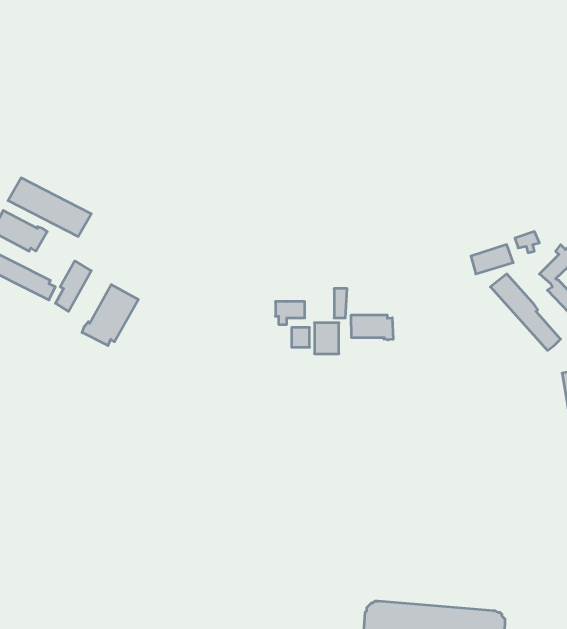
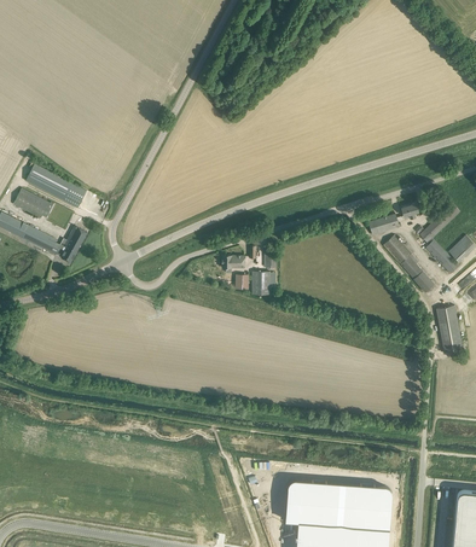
building: [82,285,138,346] -> none
building: [351,315,393,340] -> none

